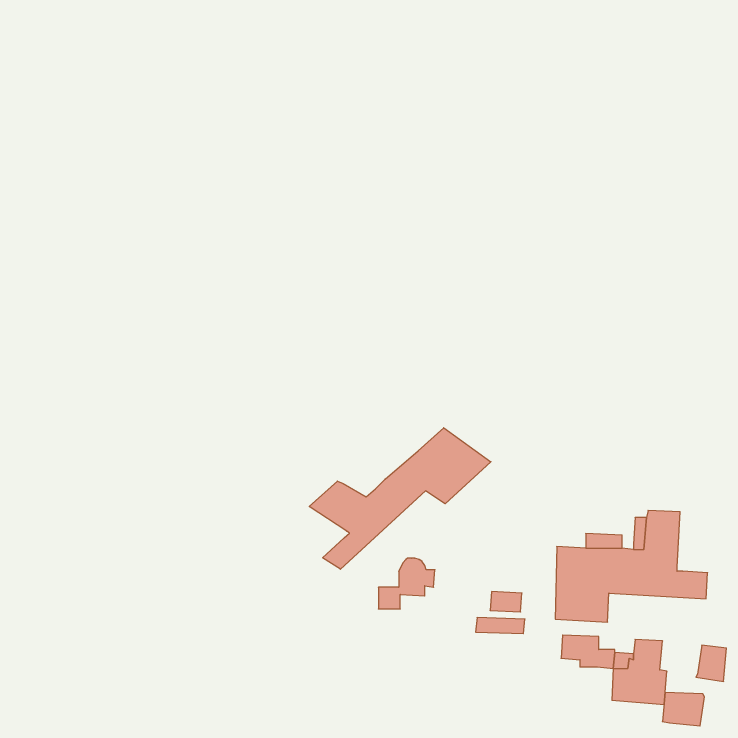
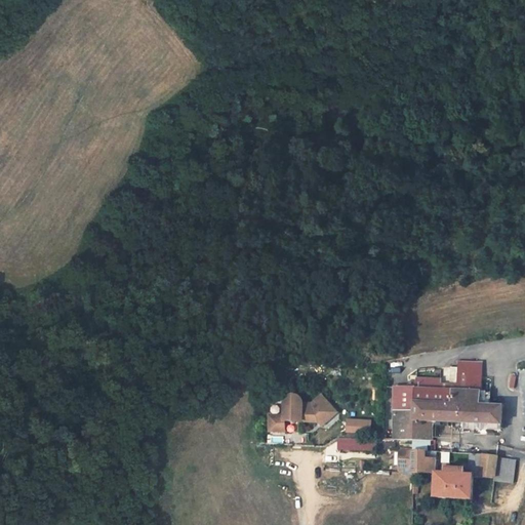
building: [309,428,491,569] -> none
building: none -> [300,396,336,426]
building: [662,693,704,726] -> [467,453,496,477]

